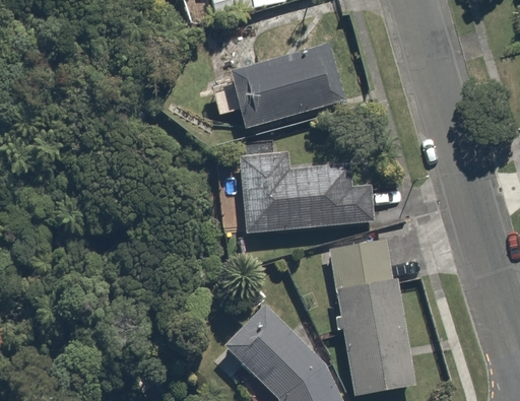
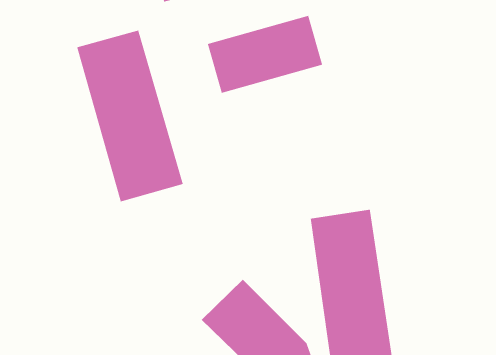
building: none -> [76,29,184,202]
building: [237,153,372,236] -> none

